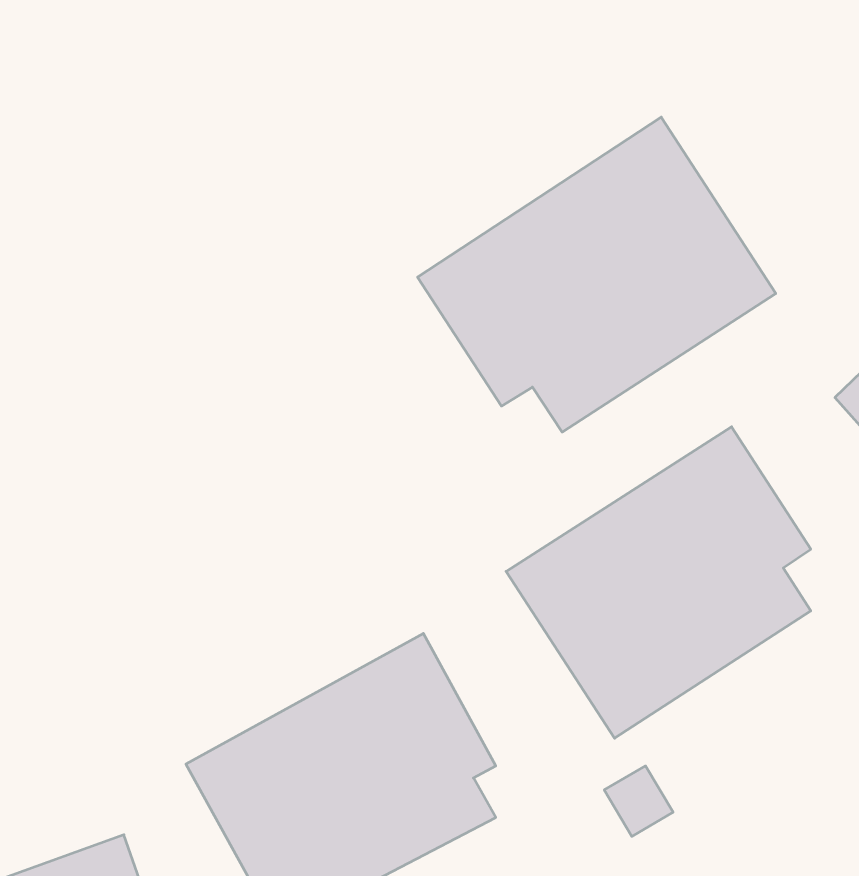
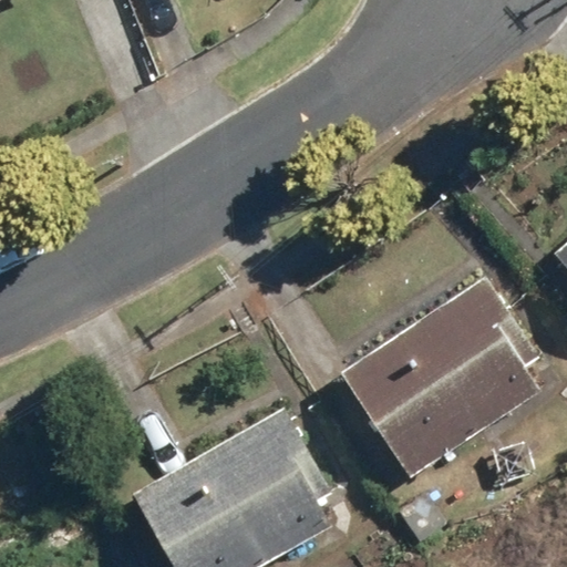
building: [418,117,776,432] -> none

